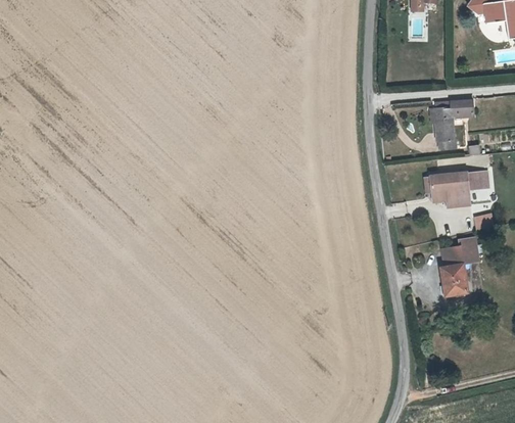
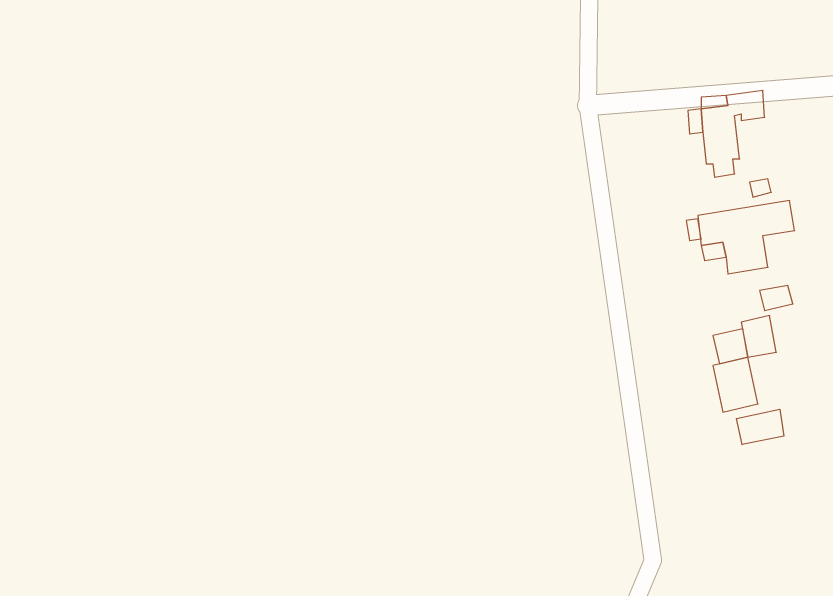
building: none -> [736,409,784,445]

